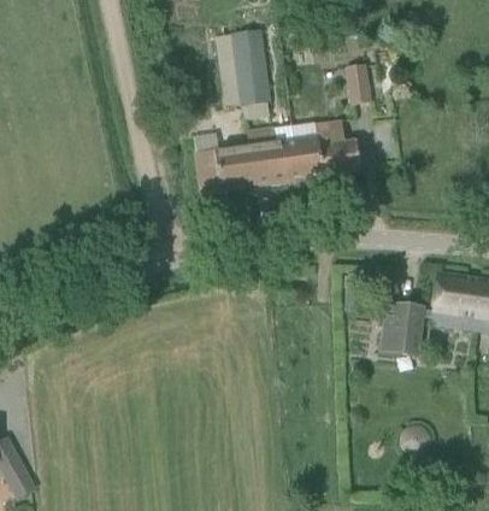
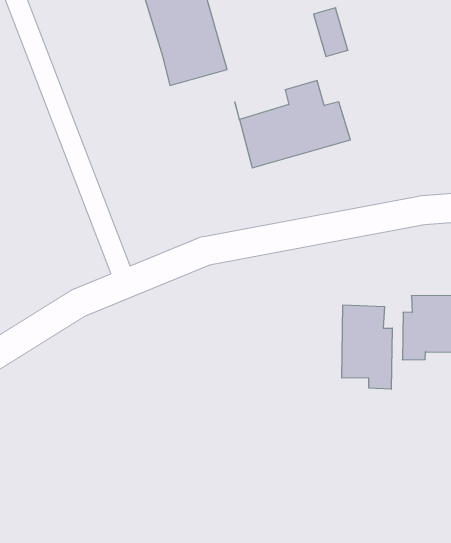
building: [196,128,281,194] -> none
building: none -> [342,305,392,389]

